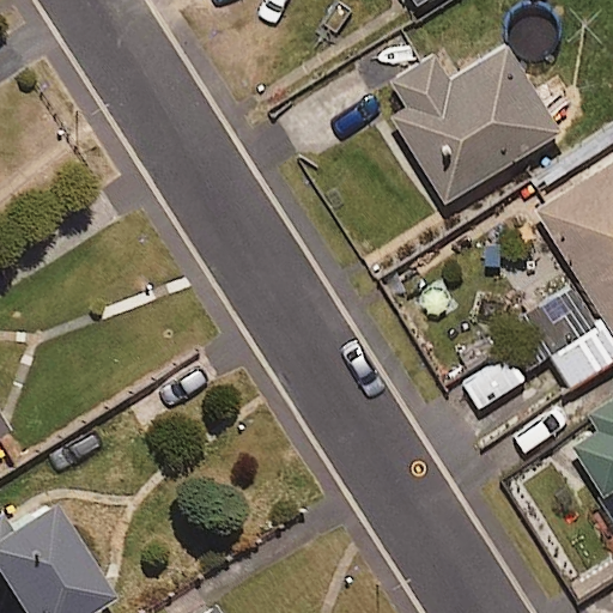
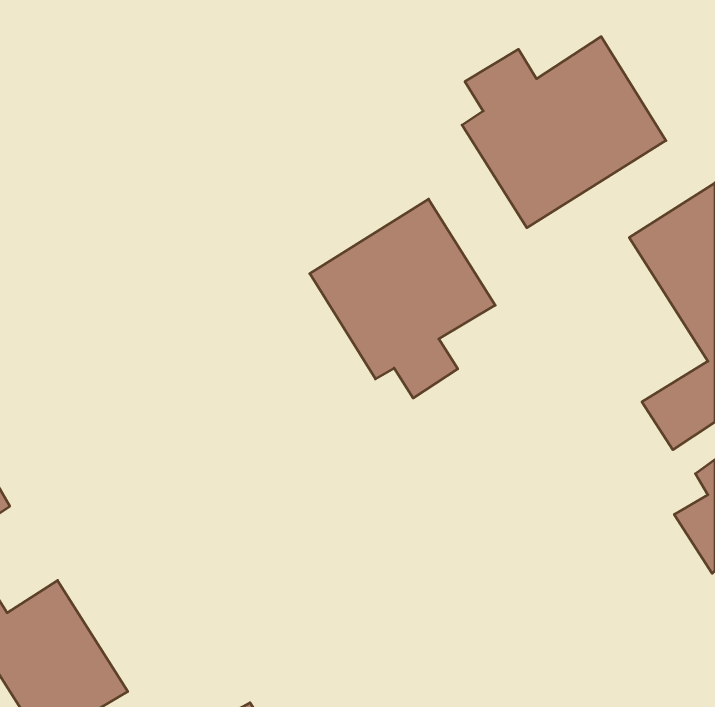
building: none -> [310,199,495,398]

